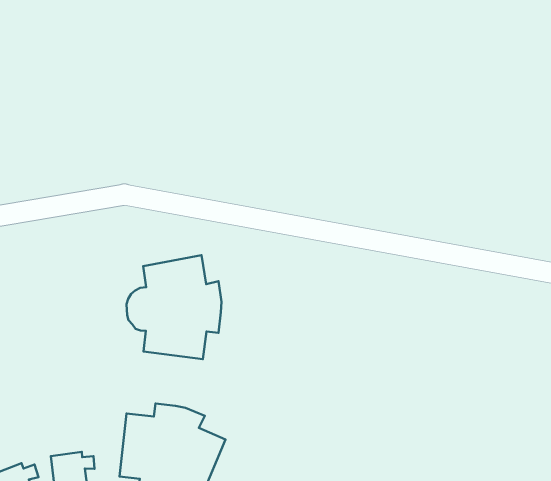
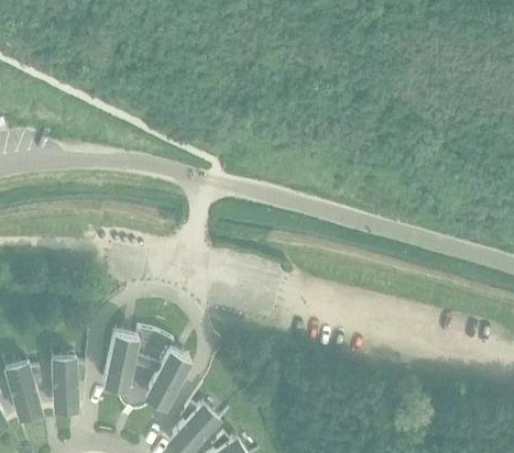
building: [126,255,222,359] -> none

